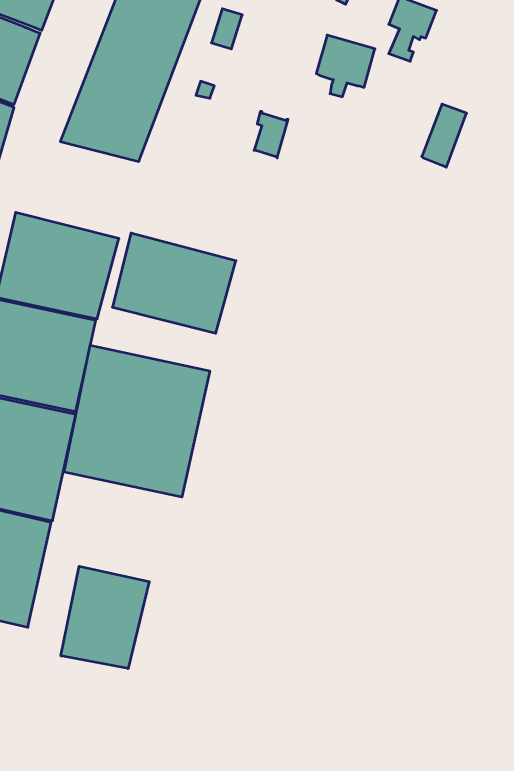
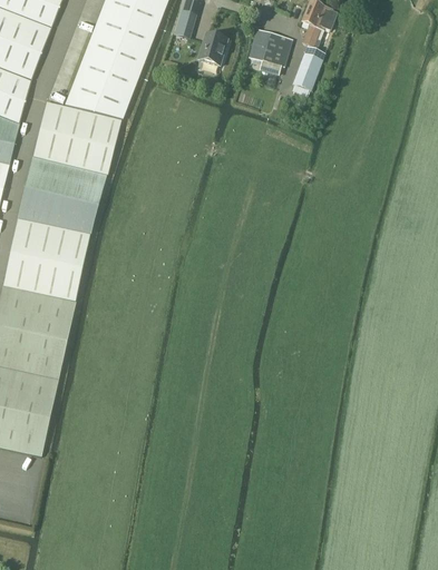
building: [422,104,467,167] -> [293,45,325,90]
building: [254,112,288,158] -> [202,32,226,66]
building: [112,233,236,333] -> [32,101,121,174]
building: [64,345,210,497] -> none
building: [61,566,149,669] -> none

